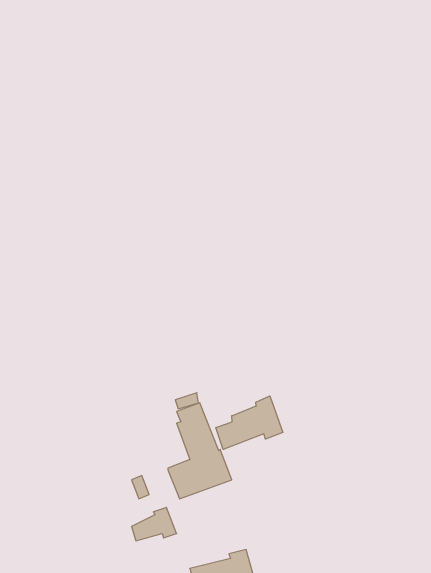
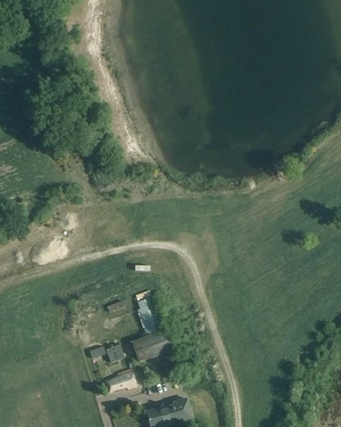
building: [216,396,283,449] -> none

